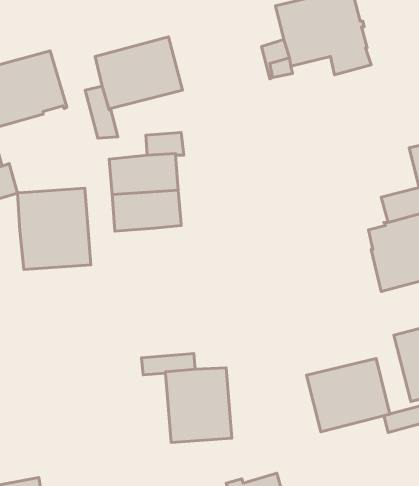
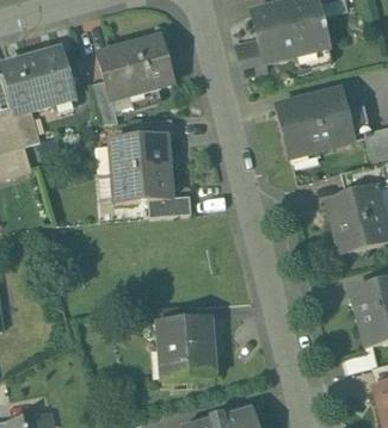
building: none -> [276,89,353,156]
building: [18,188,91,270] -> none
building: none -> [148,194,191,216]
building: [306,359,390,432] -> none

